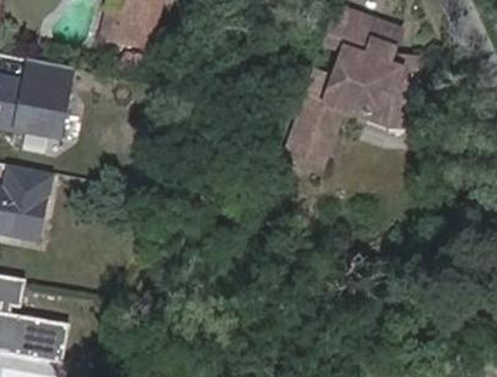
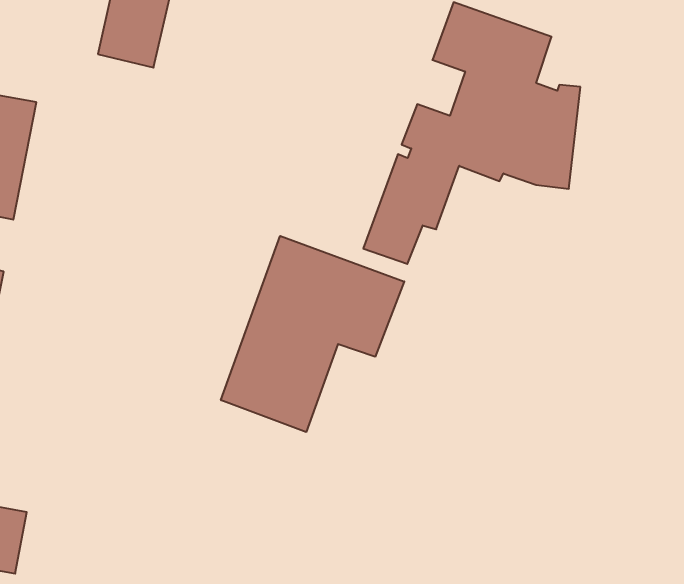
building: none -> [221,236,404,432]

